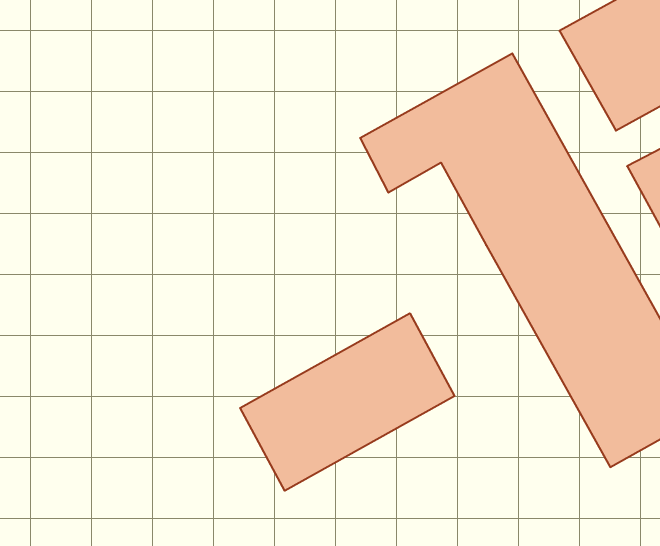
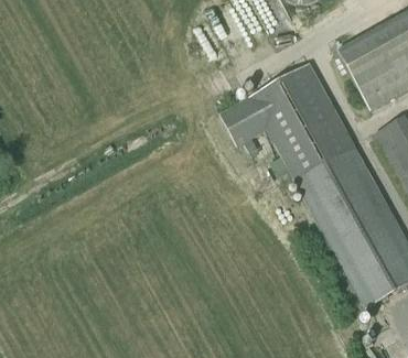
building: [240,313,454,491] -> none

